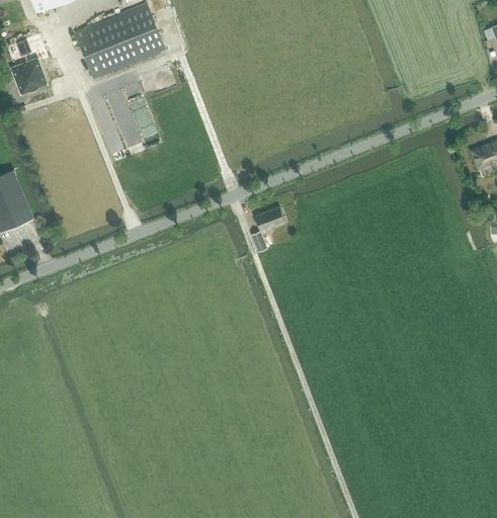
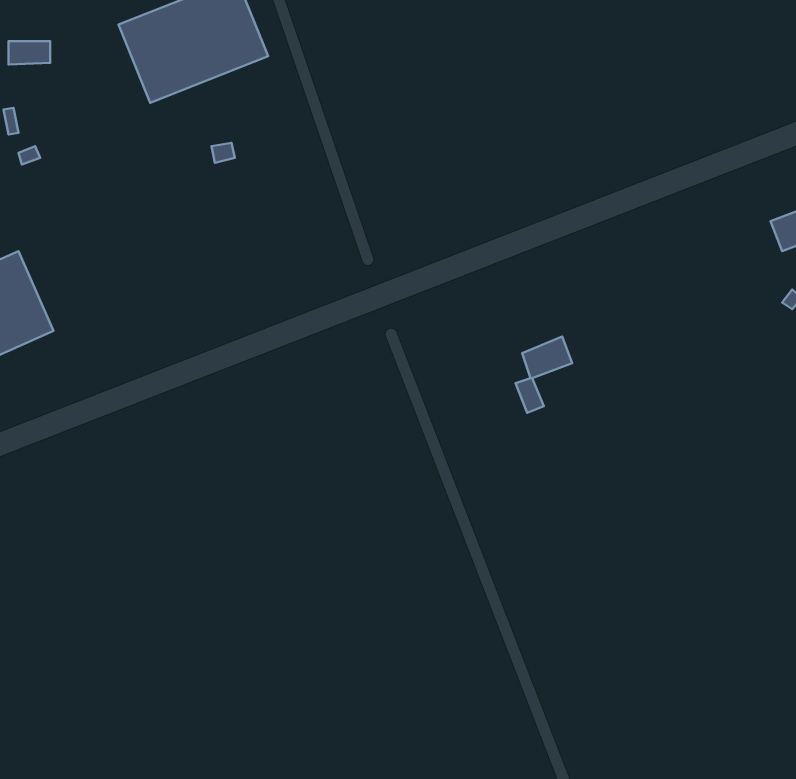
building: [10,58,47,94] -> none
building: [250,205,284,252] -> [516,336,572,413]

